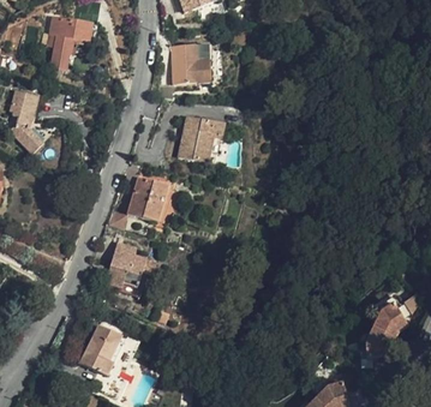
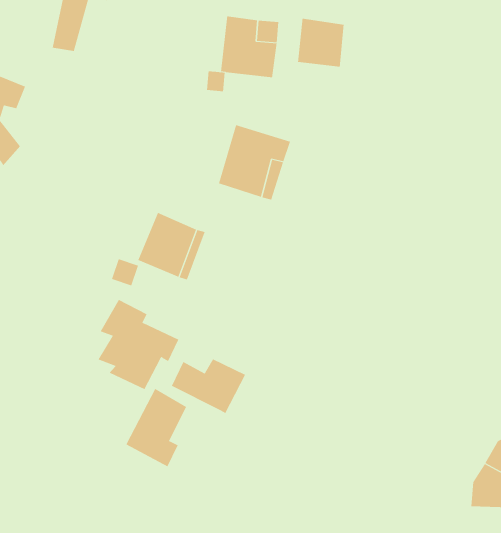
building: none -> [297,18,344,68]
building: none -> [171,358,246,414]
building: [82,322,121,375] -> [125,388,187,467]

